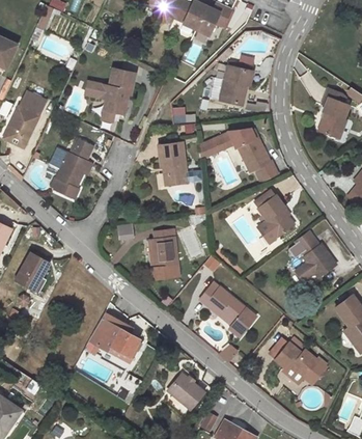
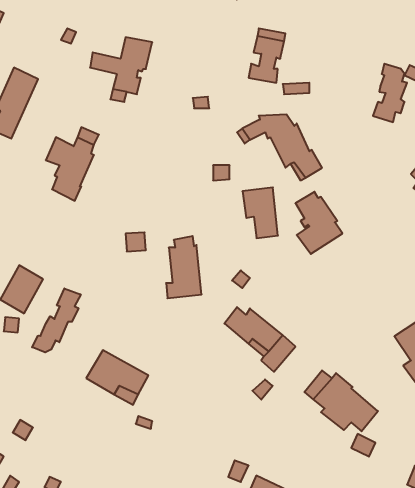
building: [155,141,184,183] -> [242,187,278,238]
building: [300,239,335,278] -> none
building: none -> [32,288,81,352]
building: [170,379,206,415] -> none

